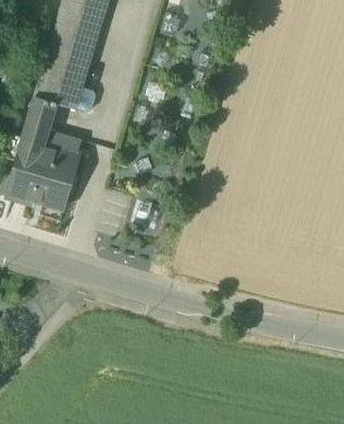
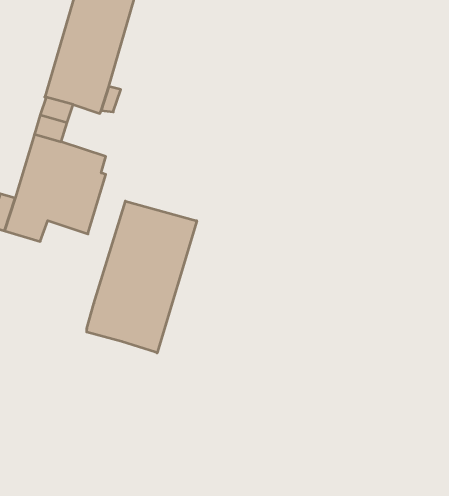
building: none -> [87,201,197,353]

